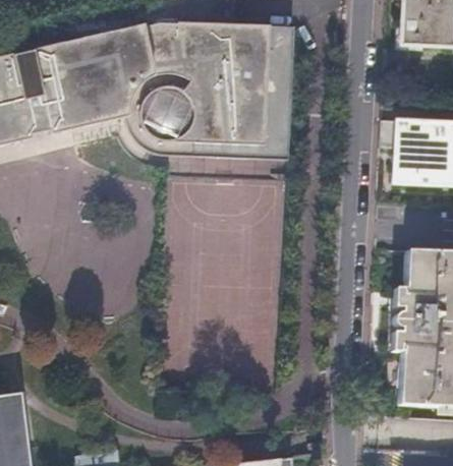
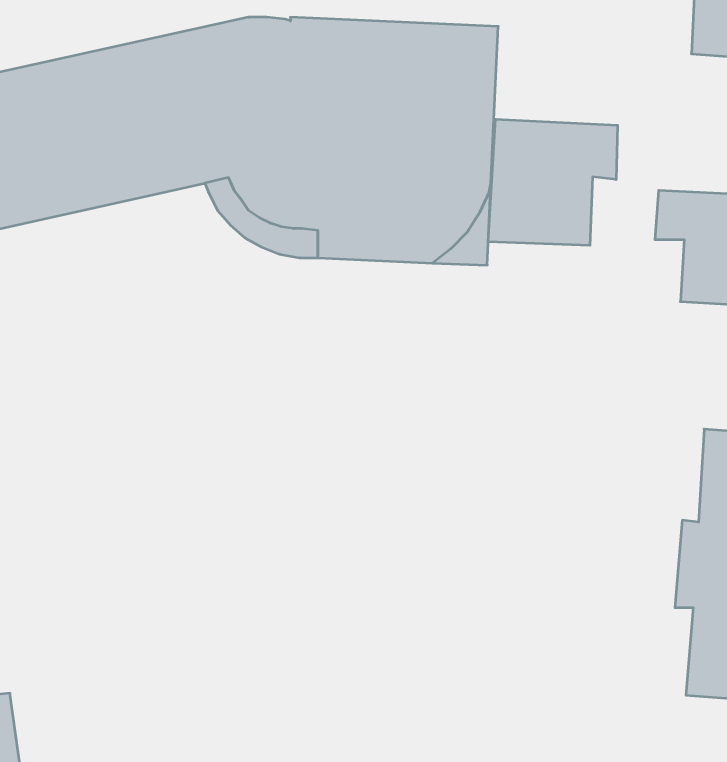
building: none -> [488,119,618,245]

